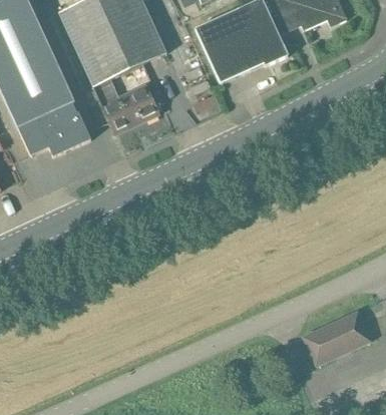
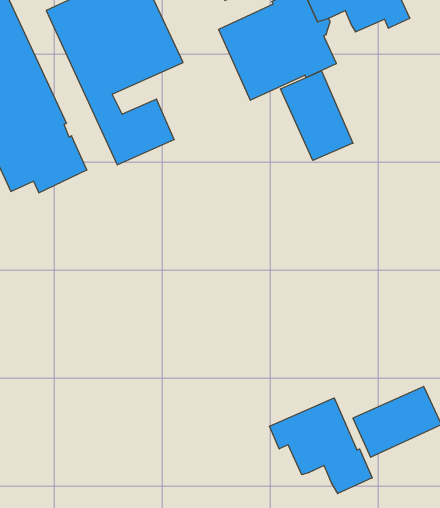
building: none -> [281,71,353,160]
building: none -> [270,398,372,494]

